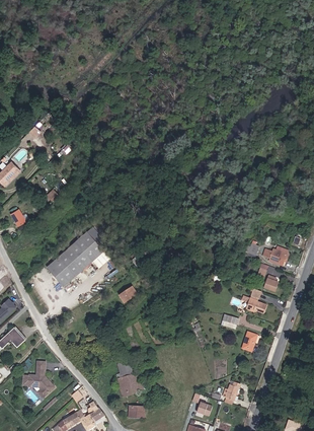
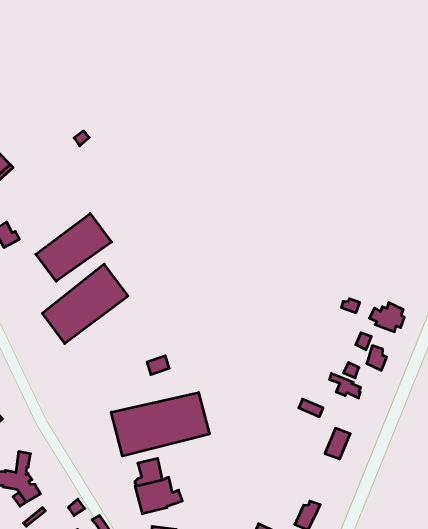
building: none -> [36,213,112,281]
building: none -> [111,392,209,456]

